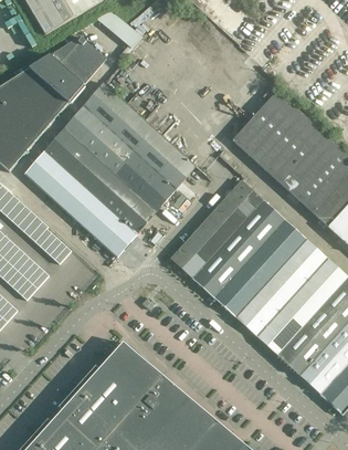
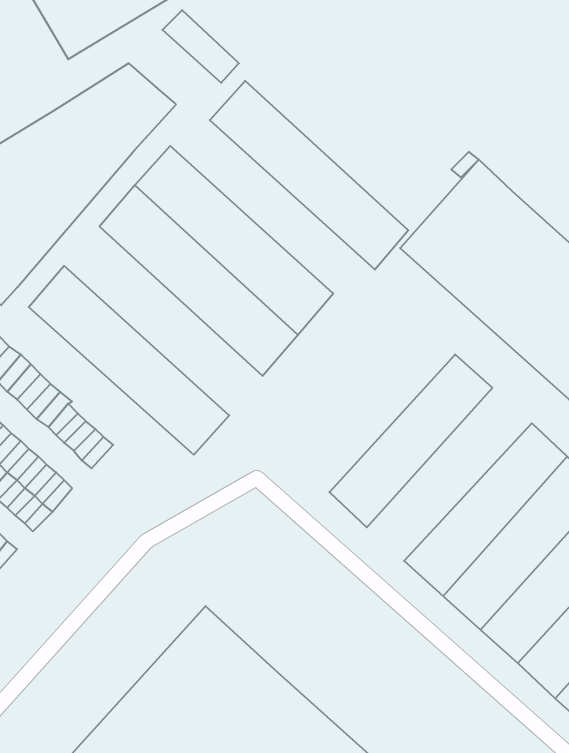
building: [43,128,155,234] -> [210,81,408,270]
building: [170,180,263,278] -> none
building: [213,219,306,316] -> none

